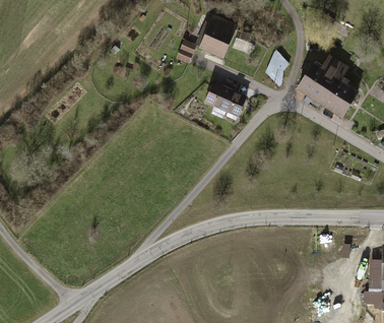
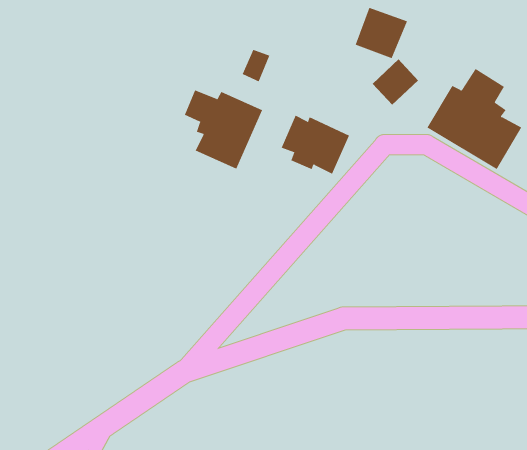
building: [199,25,234,59] -> [355,7,408,59]
building: none -> [184,89,263,170]

